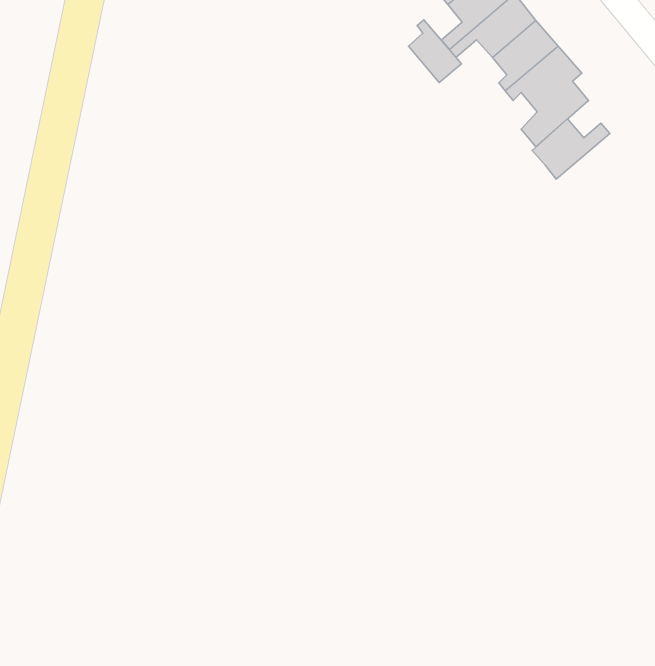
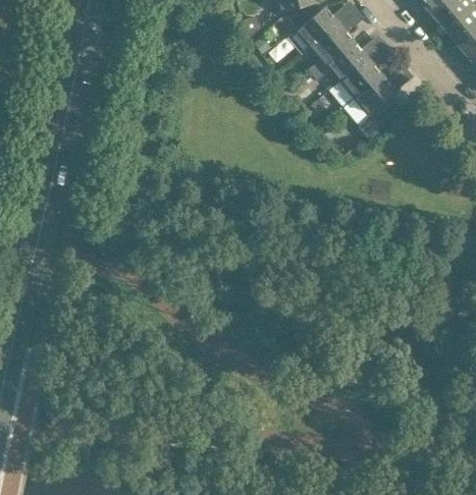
building: [408,20,461,82] -> none
building: [532,119,610,179] -> none

